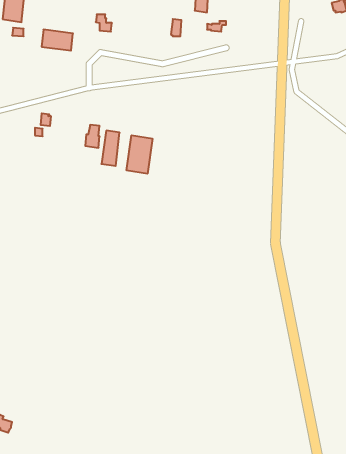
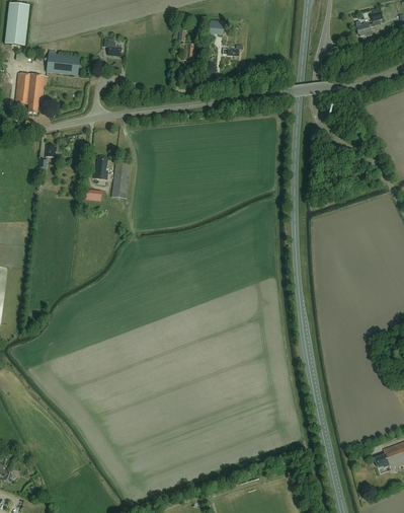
building: none -> [15,72,49,113]
building: [127,135,152,174] -> none

